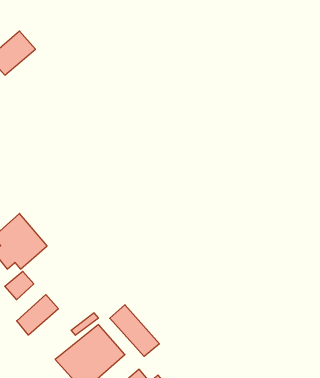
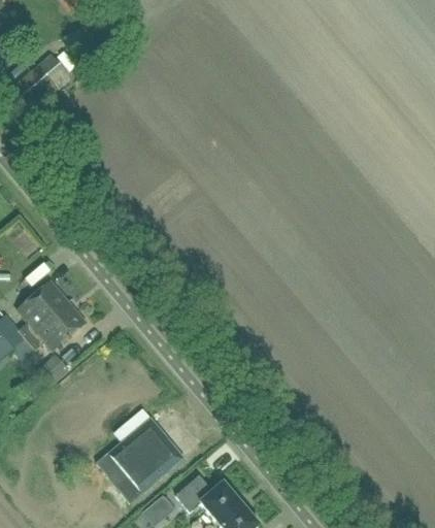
building: [17,295,58,335] -> none
building: [110,305,159,356] -> none

